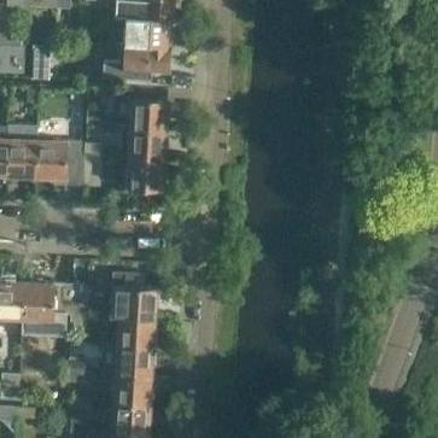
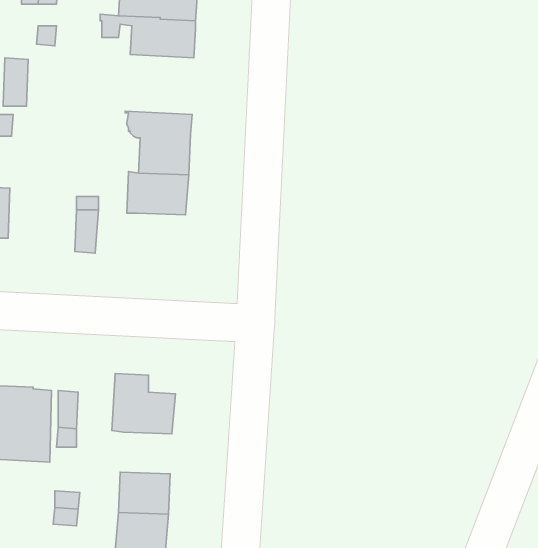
building: [110,43,169,72] -> none
building: [35,140,81,186] -> none
building: [125,158,163,189] -> none
building: [116,316,153,346] -> none

